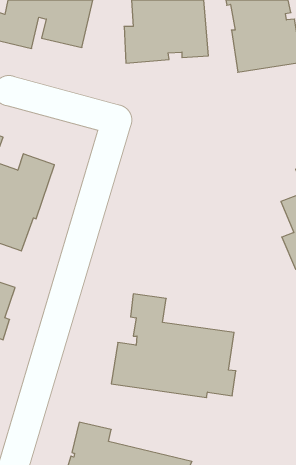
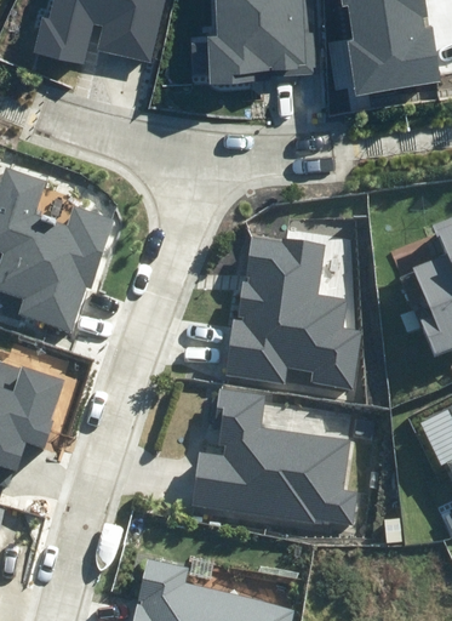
building: none -> [224,237,361,389]

